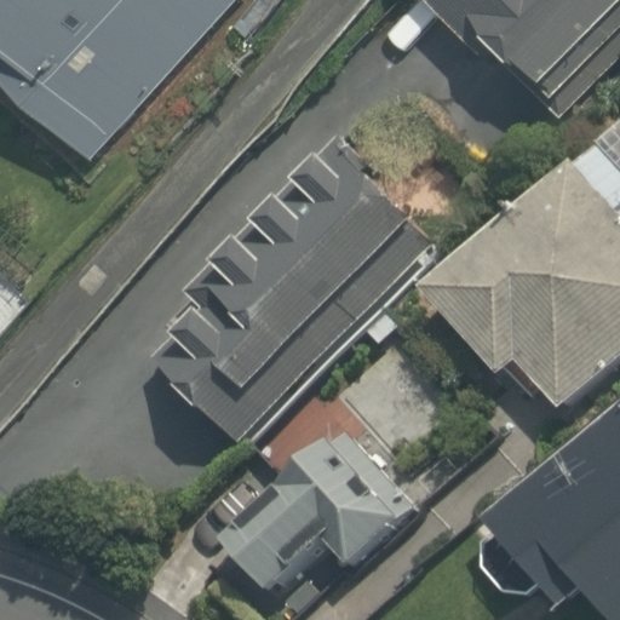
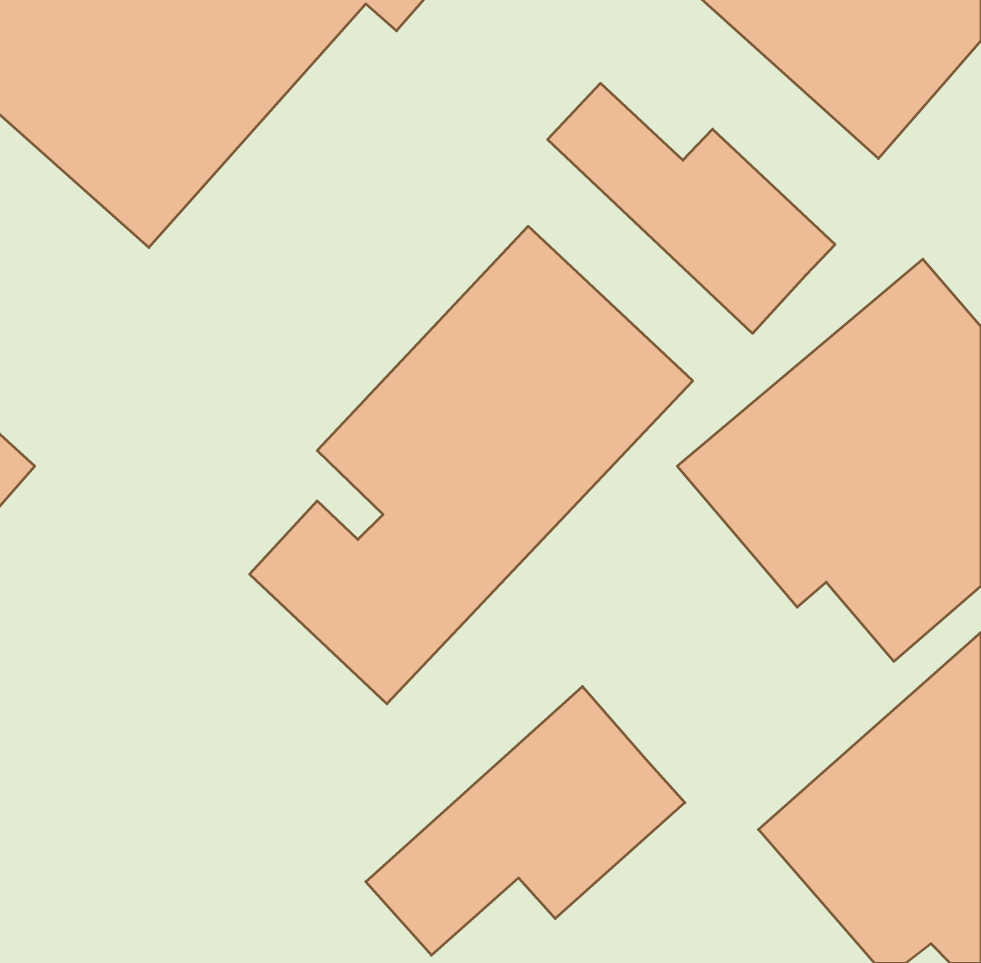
building: none -> [548,83,835,333]

